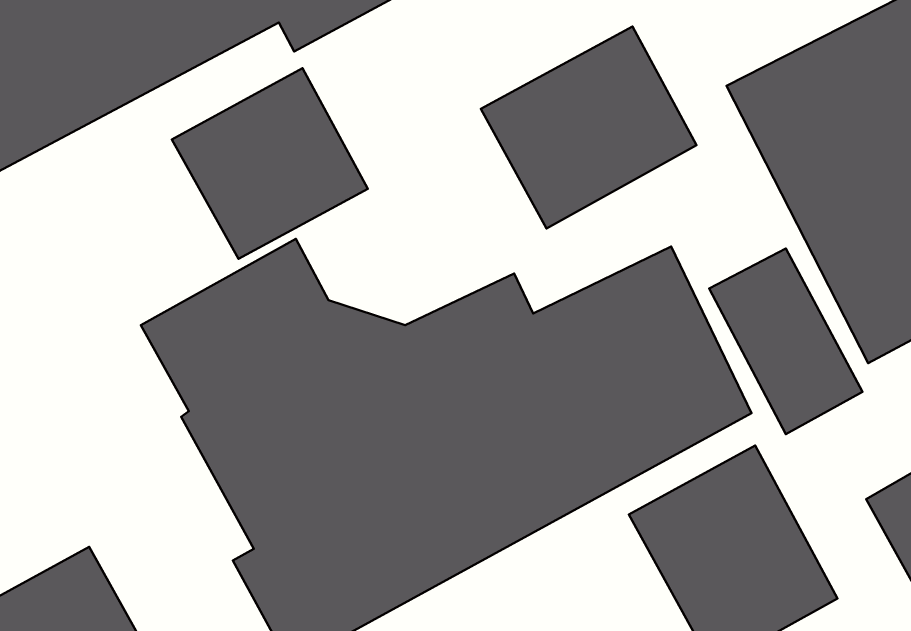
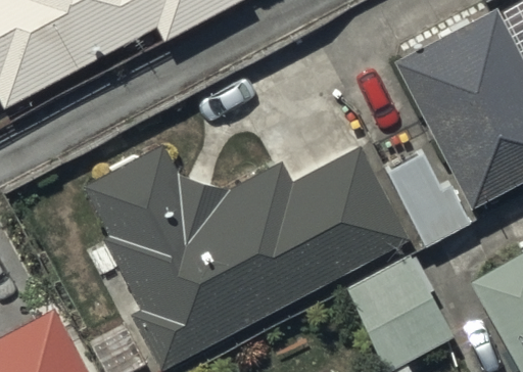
building: [481,27,696,228] -> none
building: [172,68,368,259] -> none

